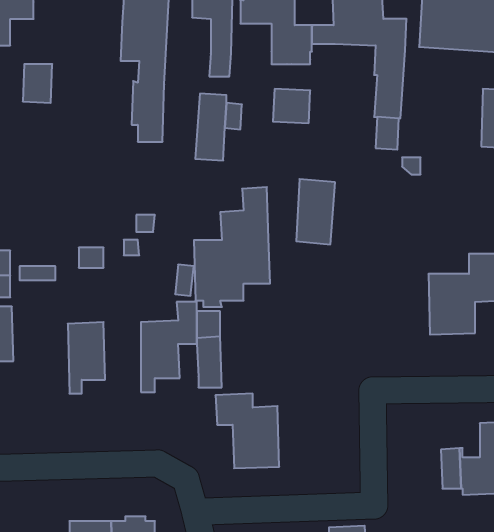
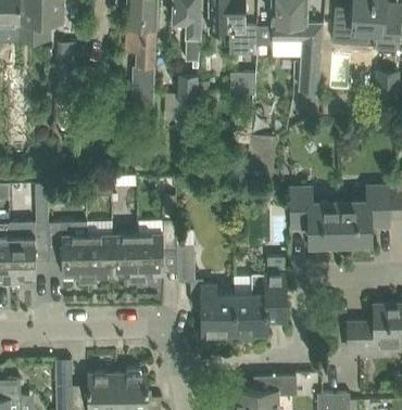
building: [194,187,270,307] -> [234,256,287,339]
building: none -> [290,188,340,243]
building: none -> [48,222,88,284]
building: none -> [112,234,138,283]

